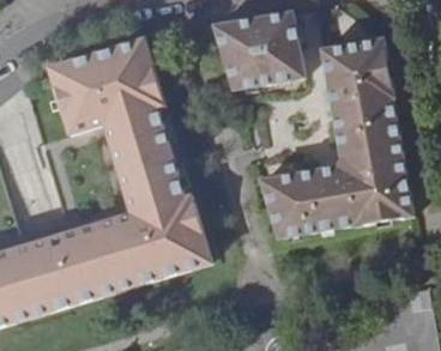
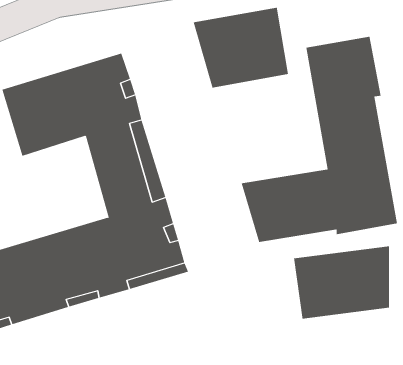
building: none -> [293,246,390,319]

